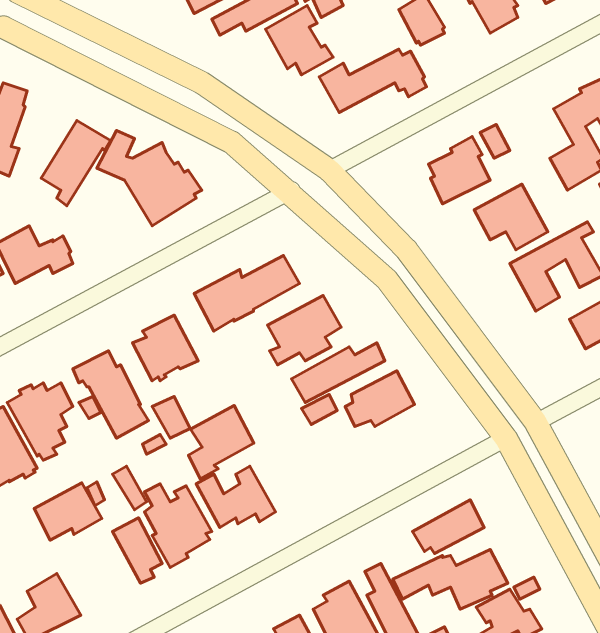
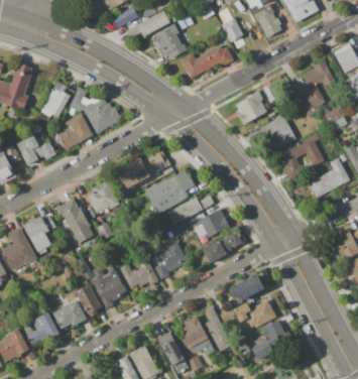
building: none -> [57,113,93,149]
building: [188,405,254,479] -> [154,242,188,279]
building: none -> [202,230,242,263]
building: [34,483,102,540] -> [52,299,87,329]

